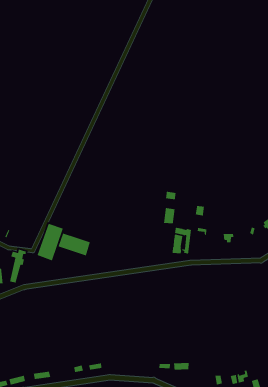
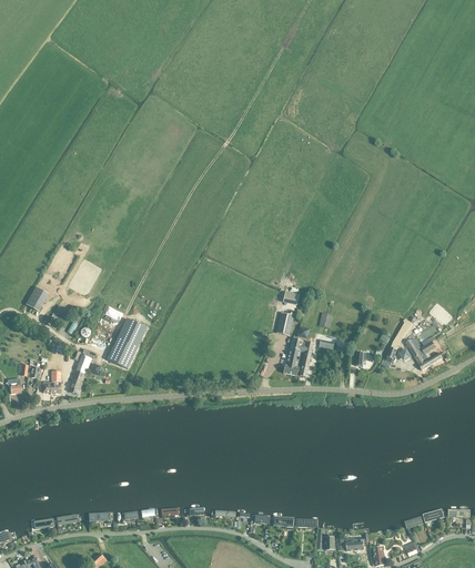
building: [58,232,91,257] -> none

